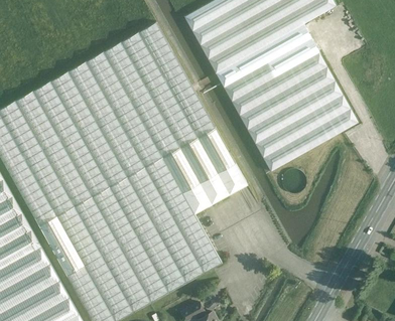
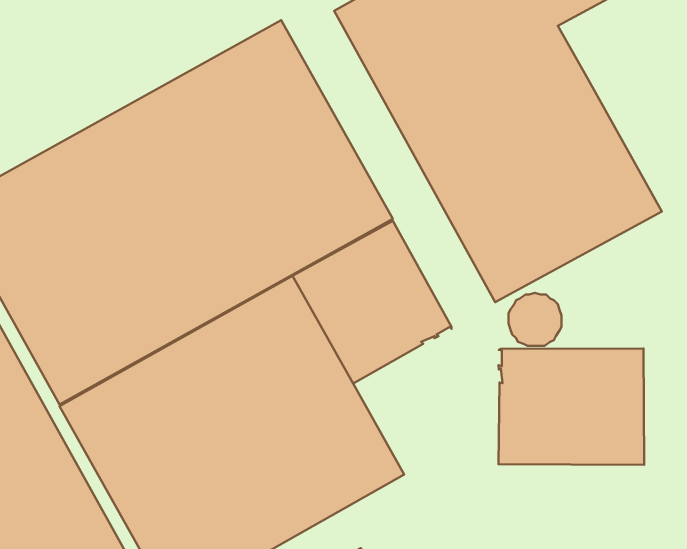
building: none -> [499,349,644,465]

